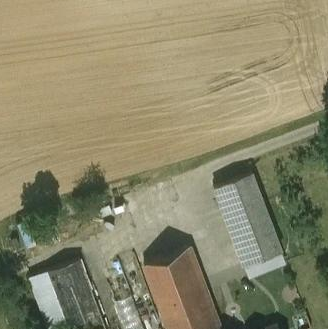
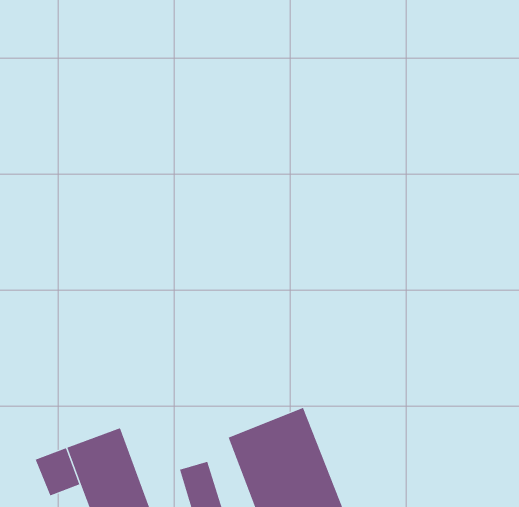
building: [214,176,281,269] -> none

